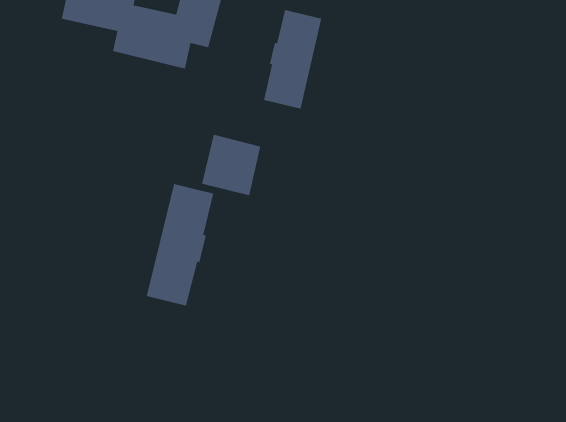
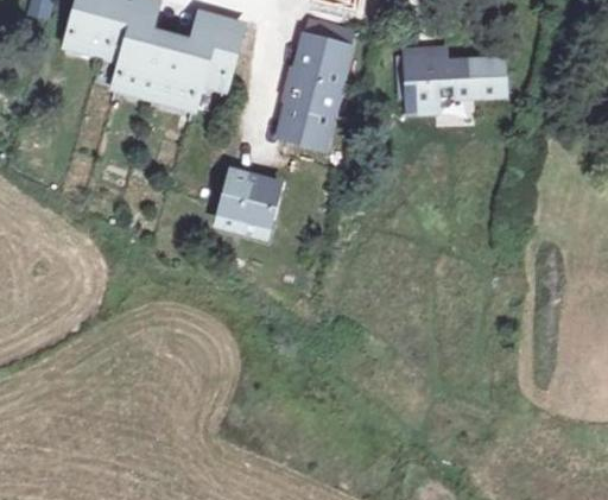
building: none -> [406,50,504,109]
building: [146,183,214,306] -> none

